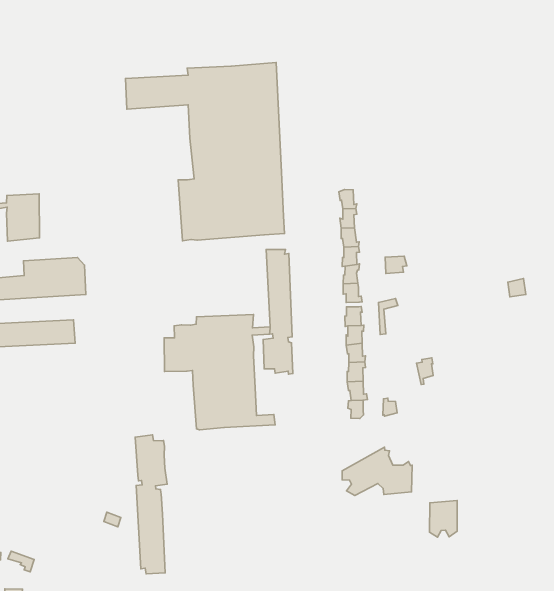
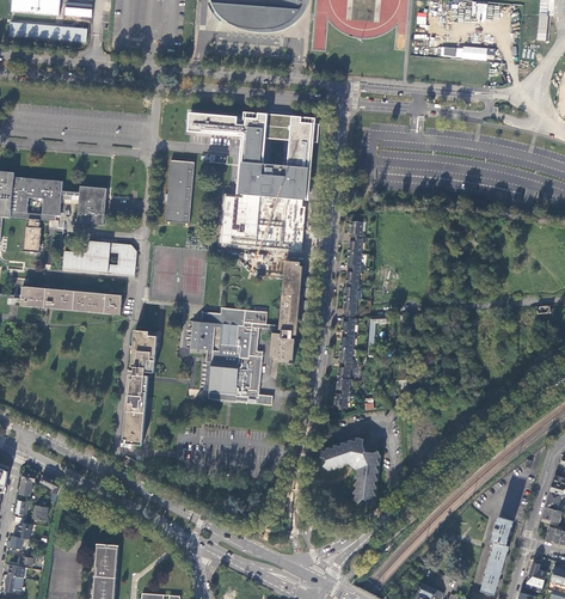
building: none -> [164,159,194,222]
building: [135,435,167,574] -> [122,330,155,444]
building: [430,500,457,537] -> [348,472,374,502]

